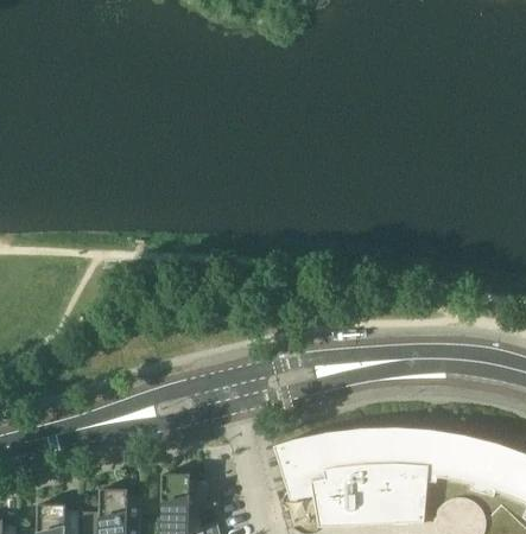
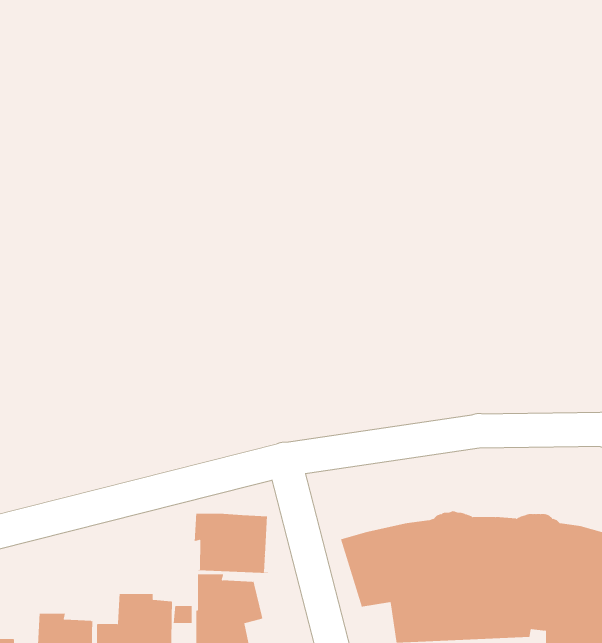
building: none -> [194,513,268,574]

